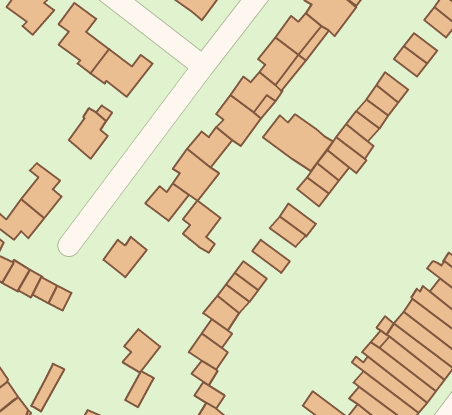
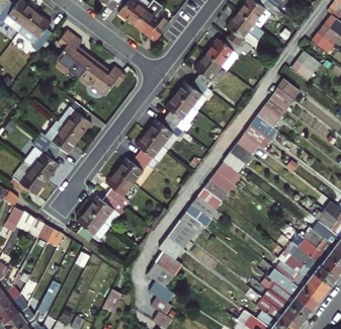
building: [263,114,333,171] -> none
building: none -> [40,121,78,154]
building: [183,201,221,253] -> [106,170,133,207]
building: [123,329,160,372] -> [76,210,102,240]

